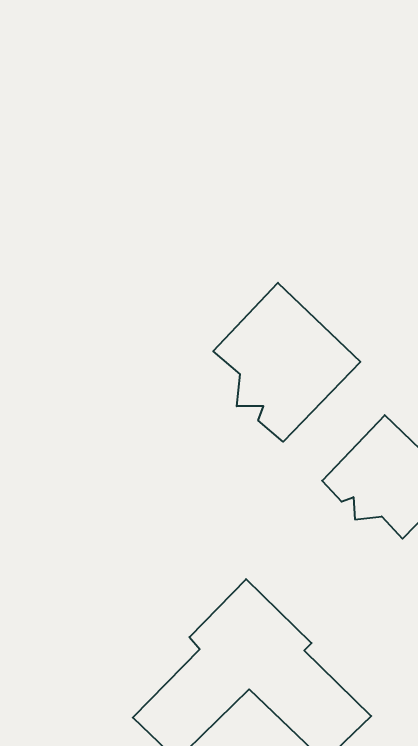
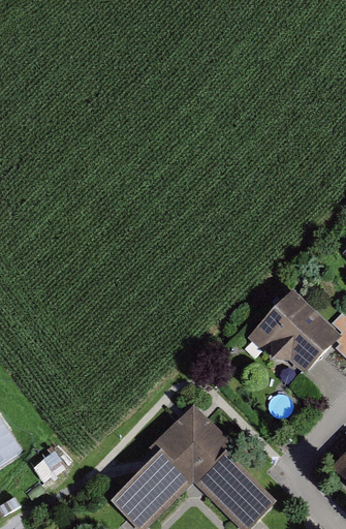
building: [213,283,360,442] -> none

